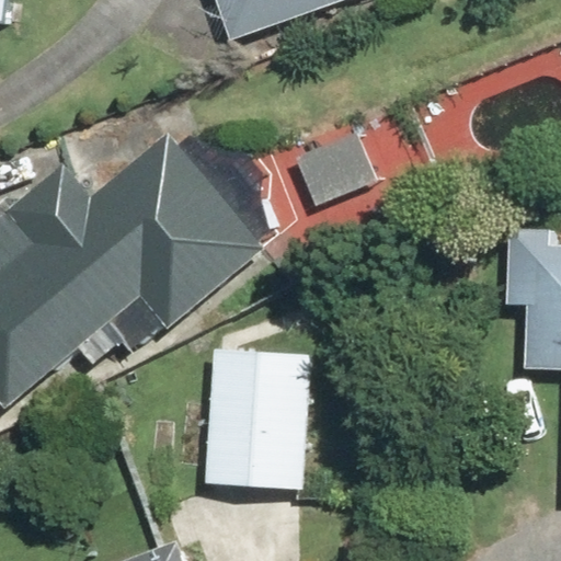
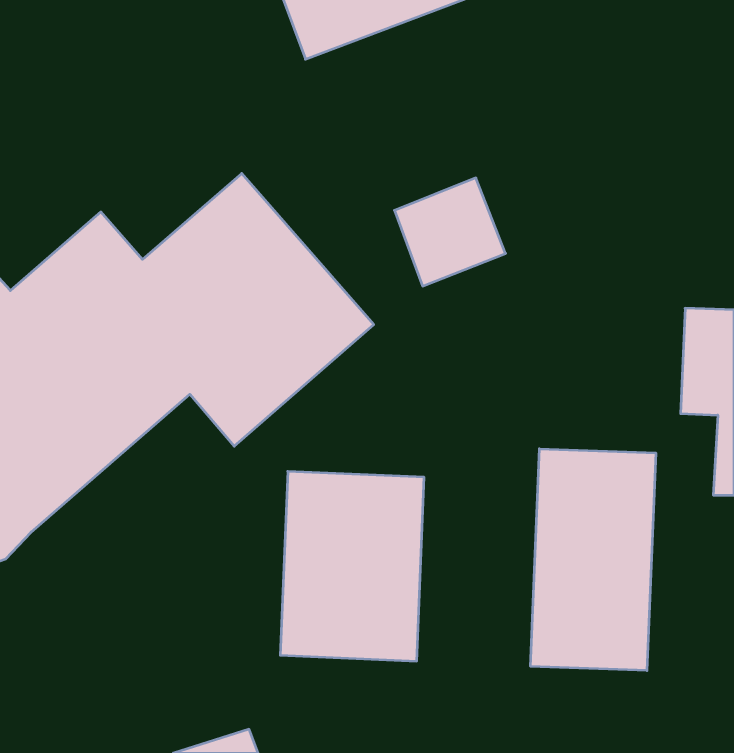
building: none -> [531,449,656,671]

